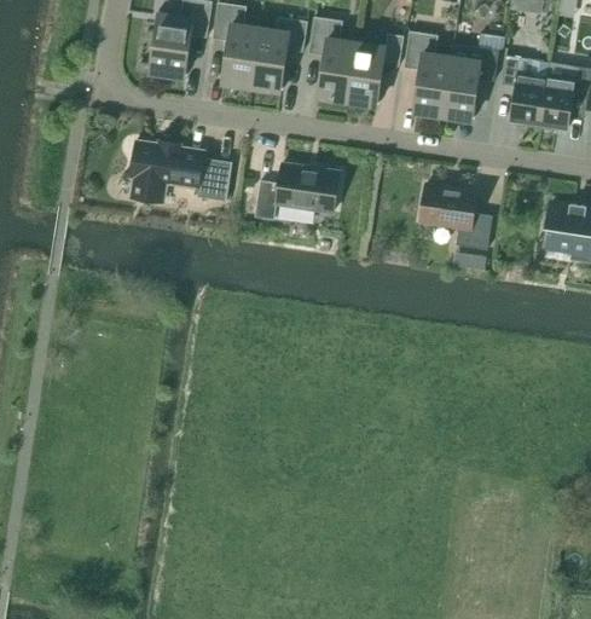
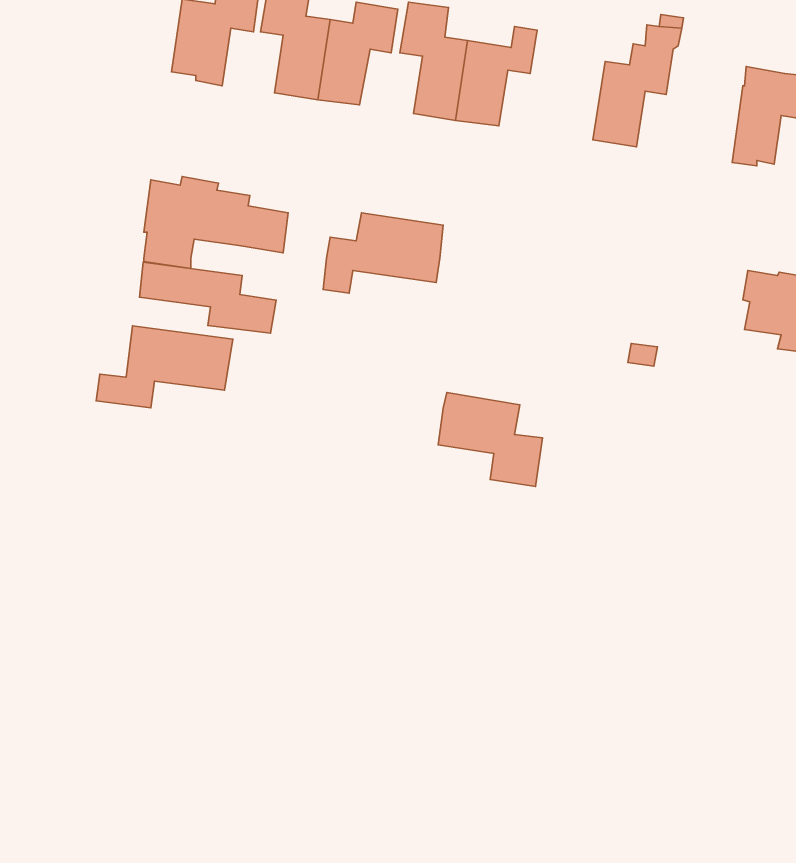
building: [404,33,451,114] -> none
building: [500,56,546,129] -> none
building: [419,185,492,250] -> [438,393,542,487]
building: none -> [139,262,276,333]
building: none -> [96,326,233,408]

